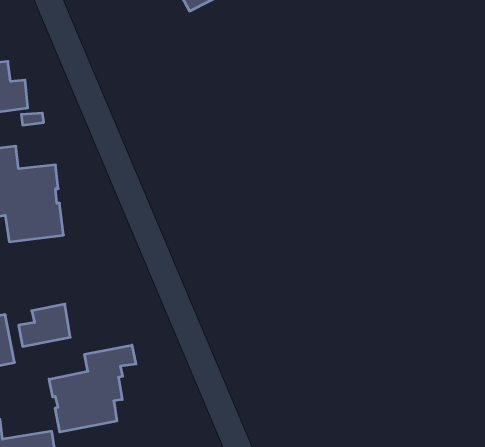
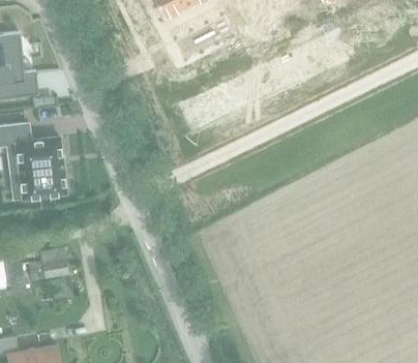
building: [49,345,136,432] -> none

